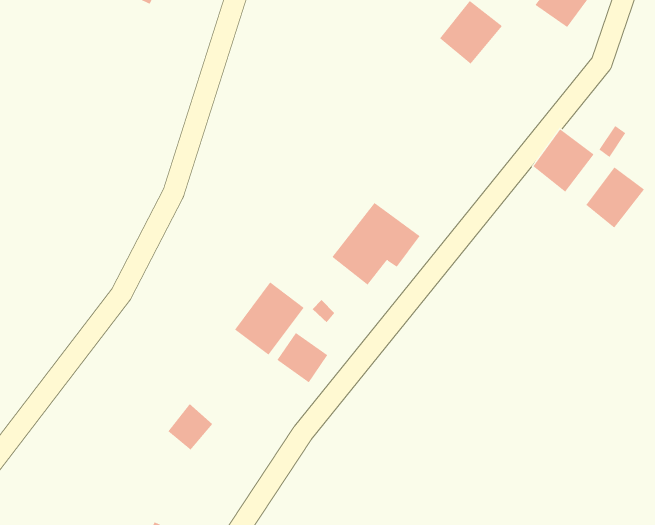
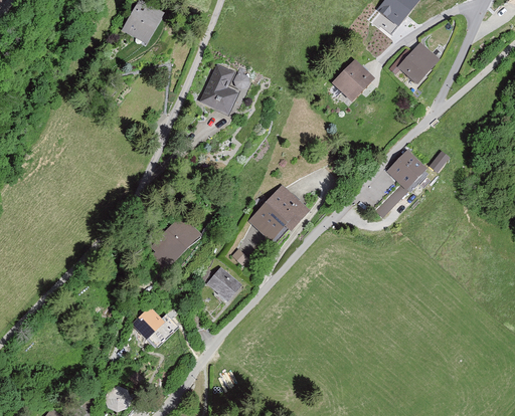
building: none -> [199,64,239,116]
building: [585,166,645,229] -> none
building: [234,282,304,355] -> [149,214,196,262]

